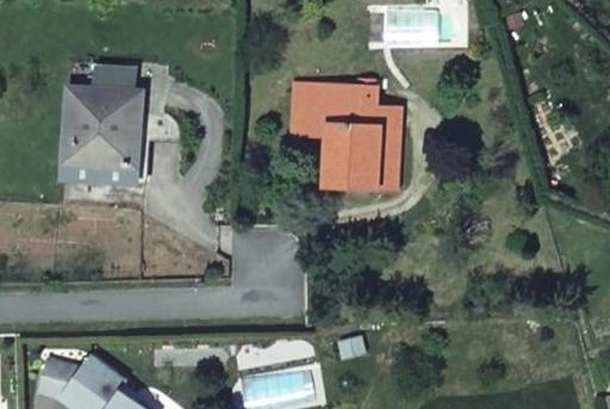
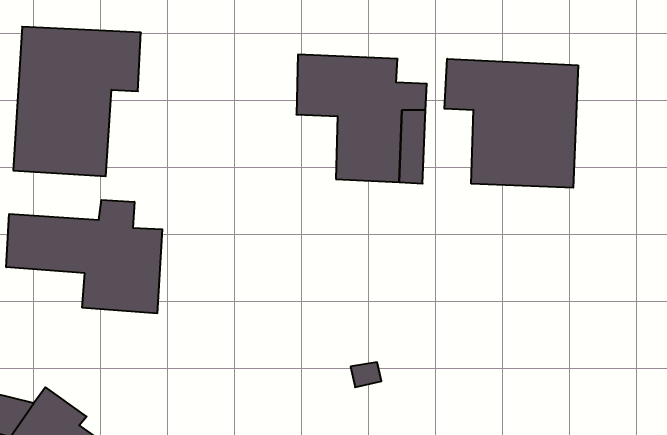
building: none -> [444,59,578,188]
building: none -> [6,200,162,313]

